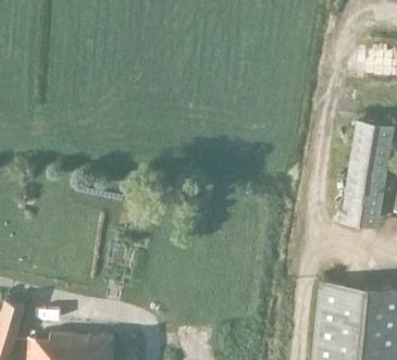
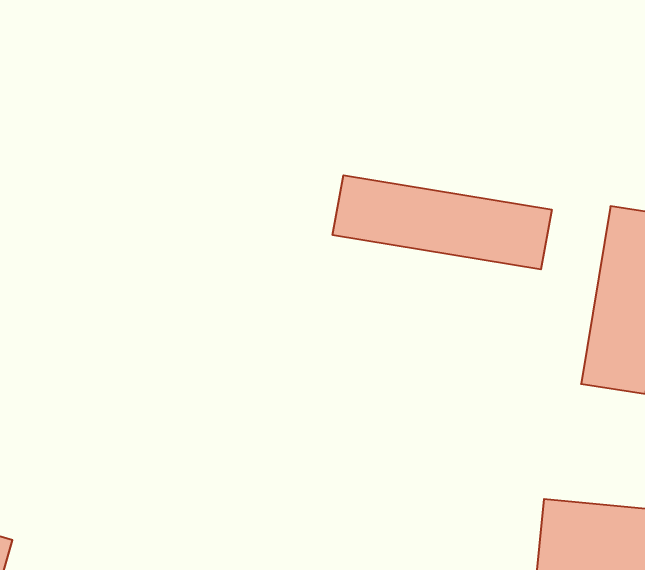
building: none -> [333,175,552,269]

